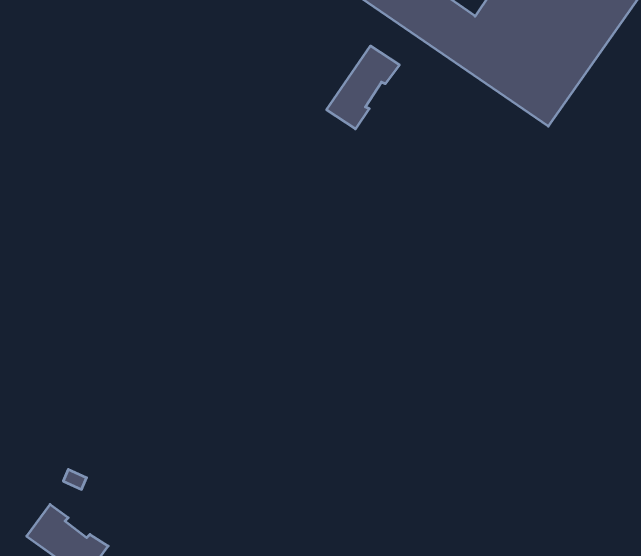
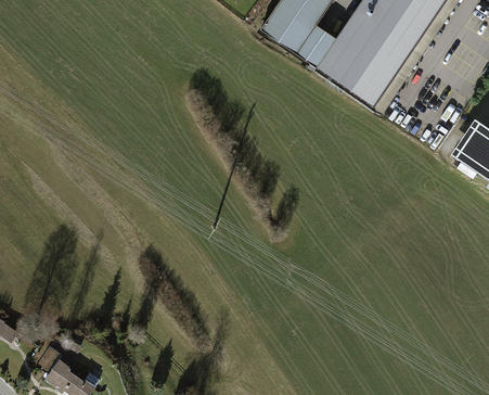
building: [327,46,399,129] -> none

